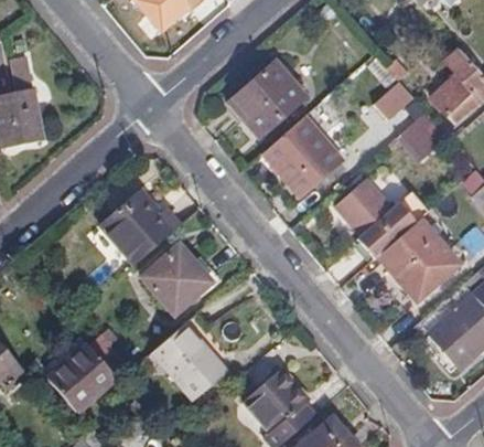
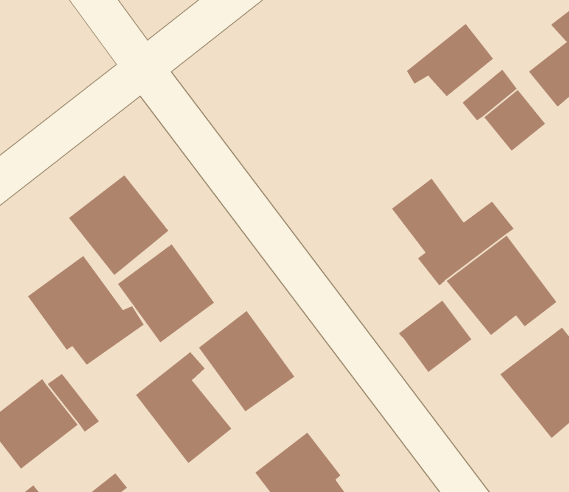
building: [229,61,308,134] -> none
building: [262,120,341,199] -> none
building: none -> [27,255,145,366]
building: none -> [398,300,473,373]
building: none -> [198,310,295,412]

